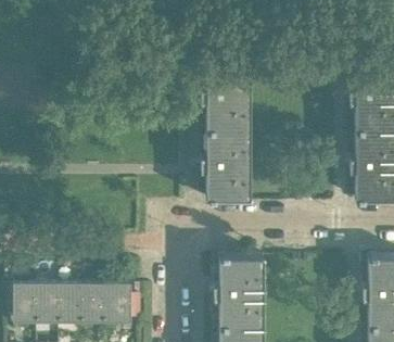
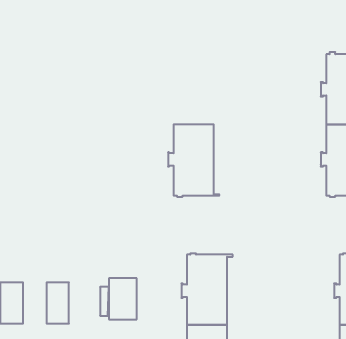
building: [203,60,253,130] -> none
building: [62,284,85,325] -> none
building: [106,284,134,325] -> [109,278,137,319]

